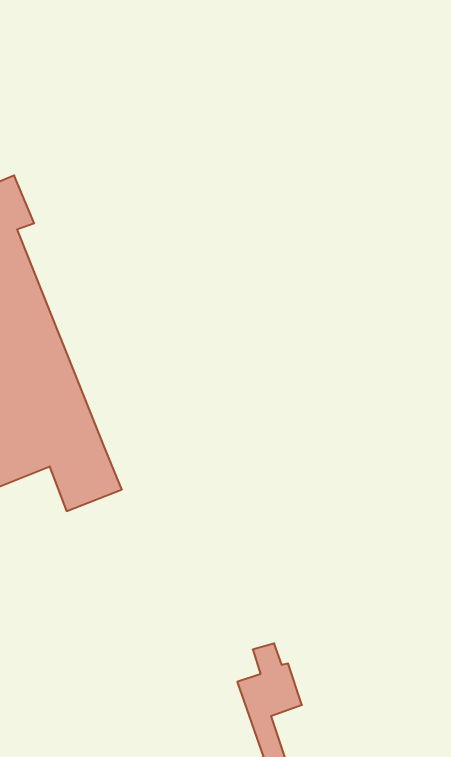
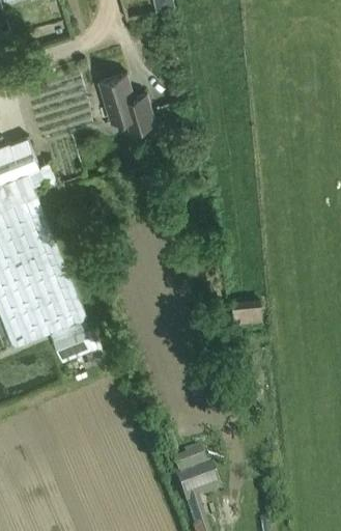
building: none -> [97,76,154,132]
building: none -> [230,304,262,323]

